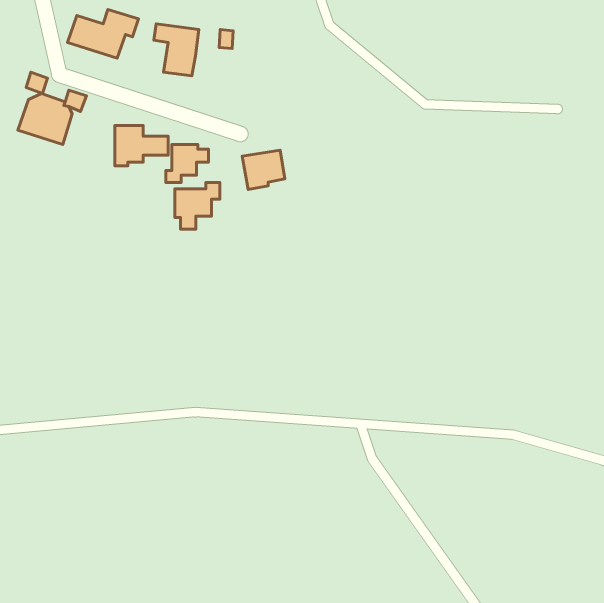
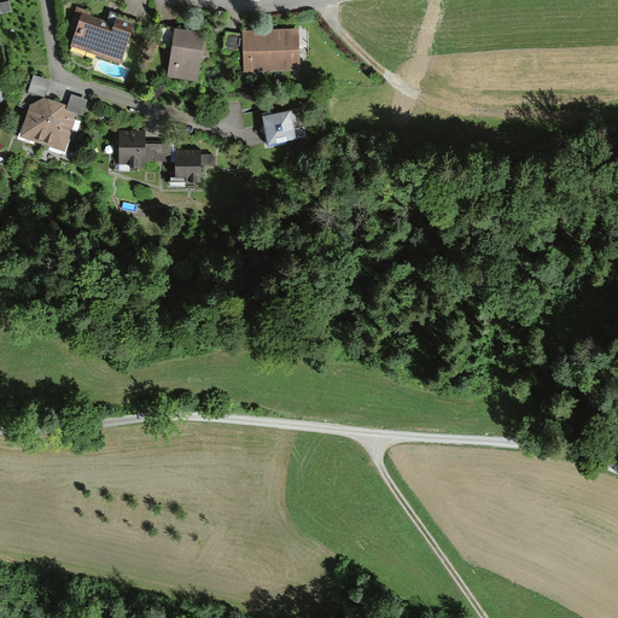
building: none -> [241,30,298,70]
building: [242,150,285,189] -> [261,109,304,148]
building: [175,182,220,229] -> none

